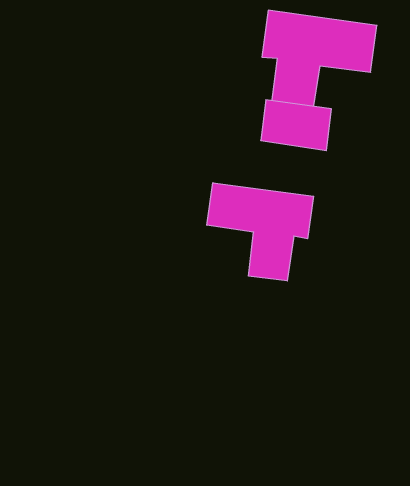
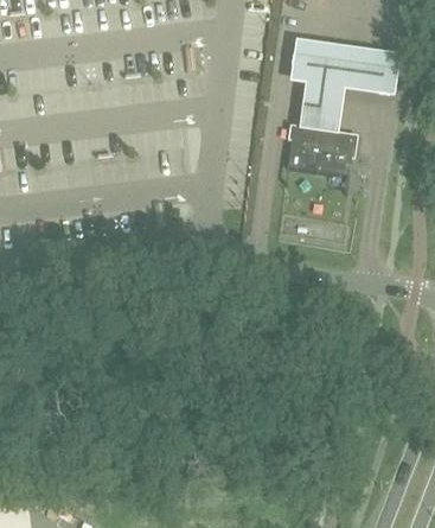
building: [207,183,314,281] -> none

